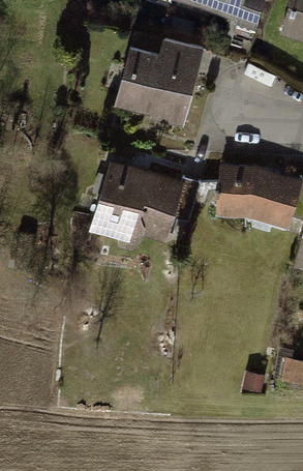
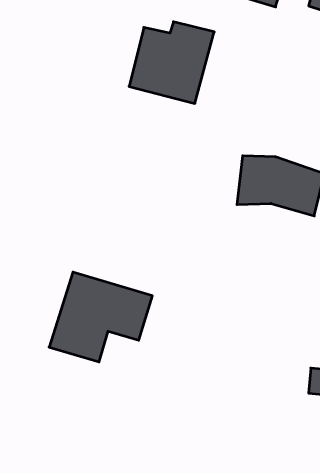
building: [91,159,185,241] -> [49,272,152,362]

